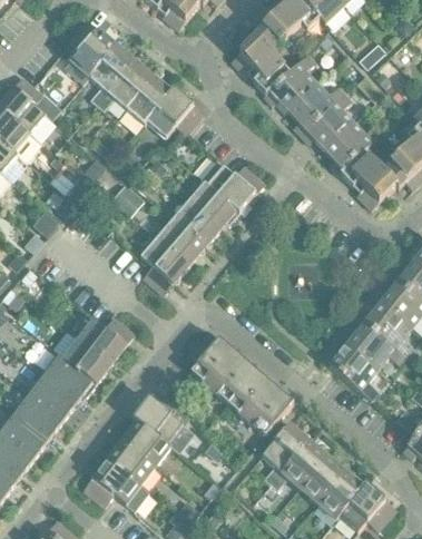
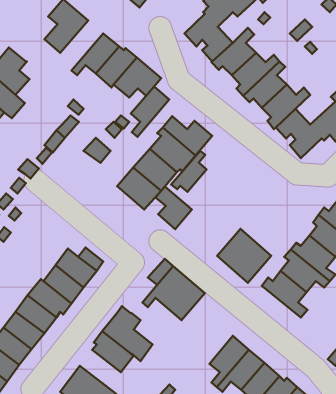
building: [88,45,134,105] -> [131,86,169,137]
building: none -> [171,151,206,192]
building: [139,243,183,294] -> [155,186,192,229]
building: [227,371,292,435] -> [217,229,271,283]
building: [106,439,155,484] -> none

